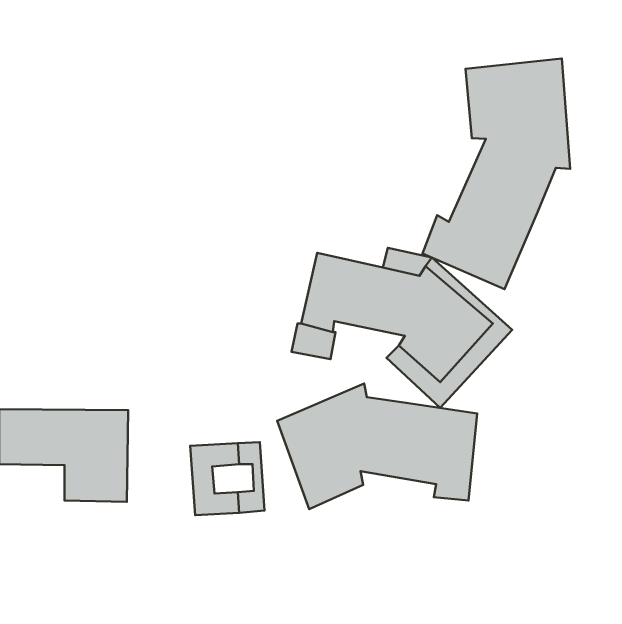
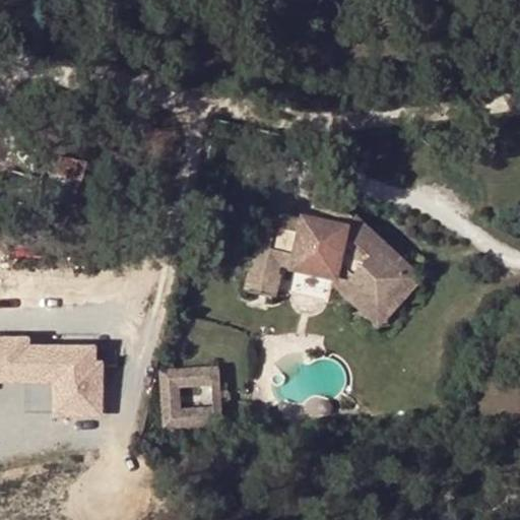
building: [422,58,570,289] -> none
building: [277,384,477,509] -> none

